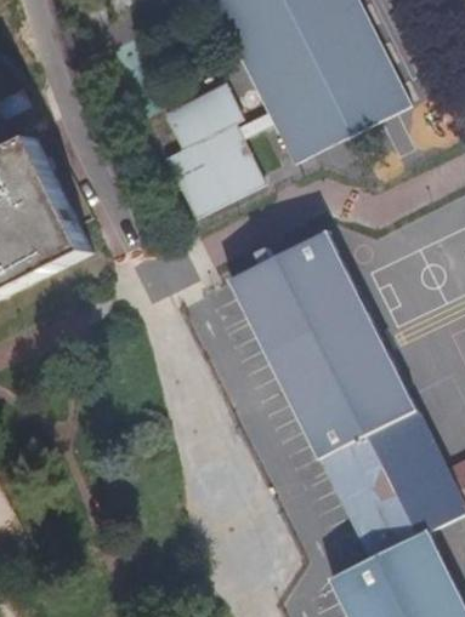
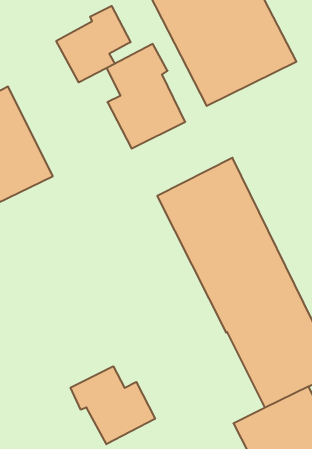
building: none -> [56,6,131,82]
building: none -> [71,366,155,444]

